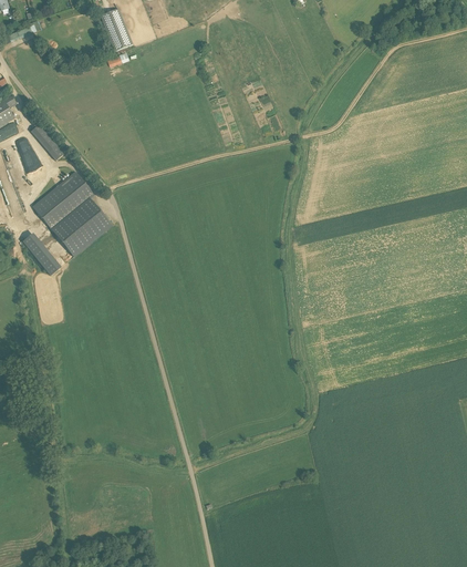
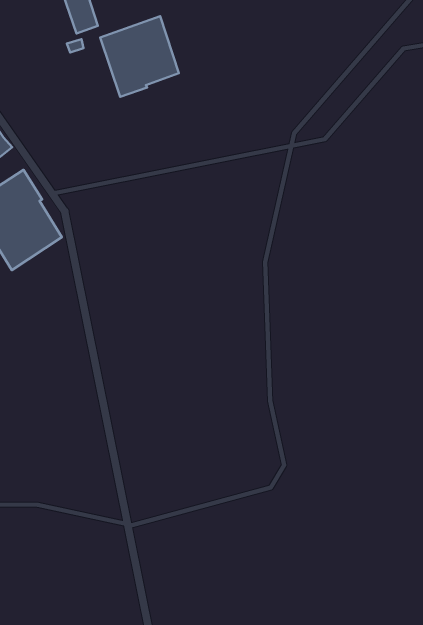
building: none -> [100,16,179,97]

